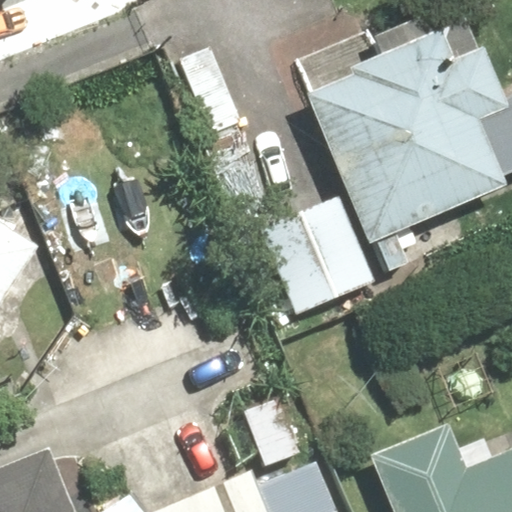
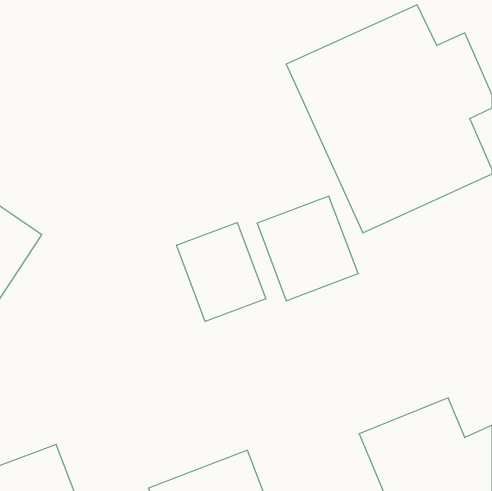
building: none -> [177,223,266,322]

